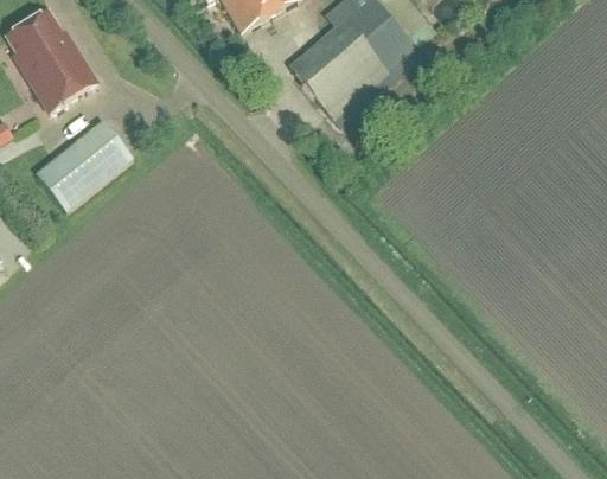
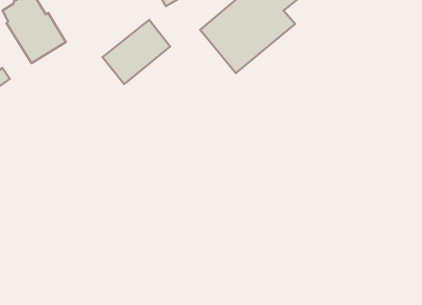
building: [36,117,132,209] -> [102,20,170,84]

